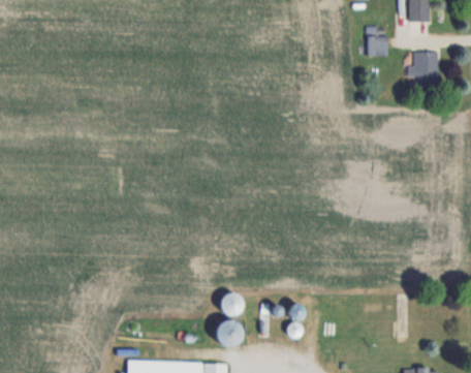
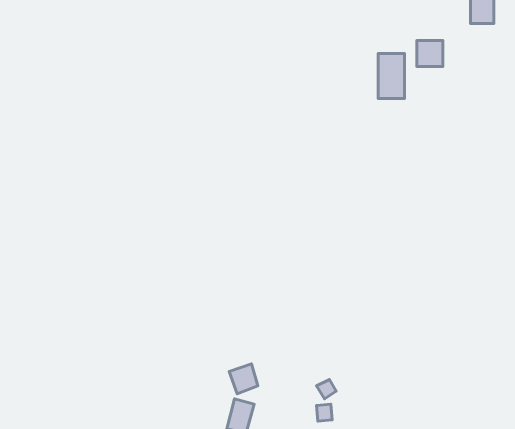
building: none -> [378,54,405,98]
building: [407,52,437,80] -> none

